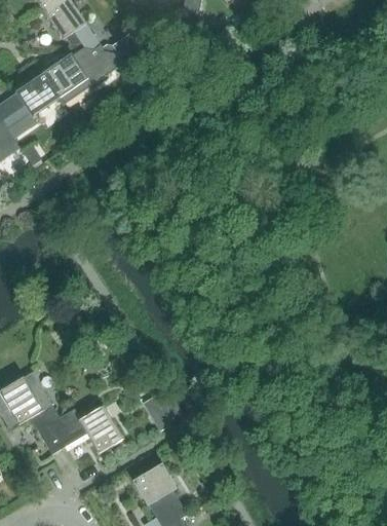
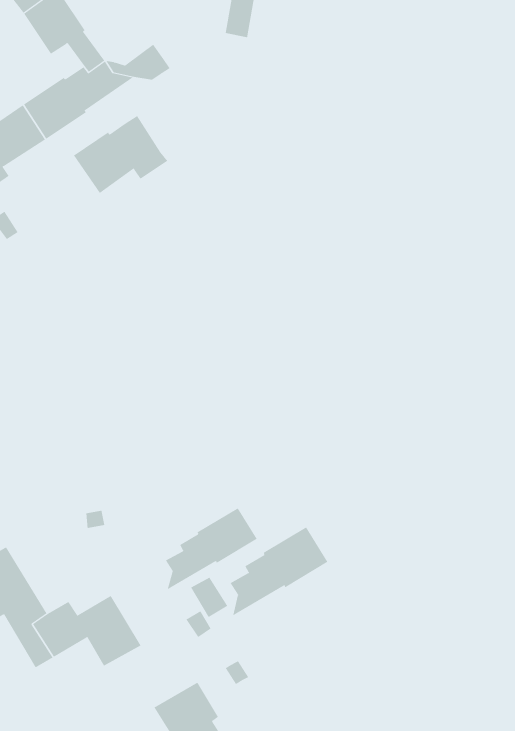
building: none -> [73,115,168,194]
building: none -> [165,507,257,591]
building: none -> [230,526,328,616]

